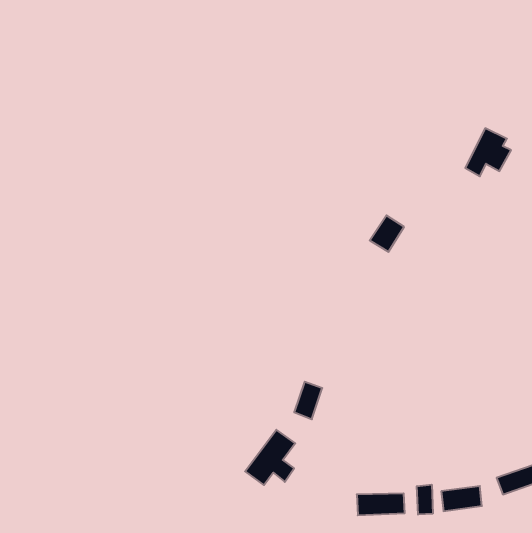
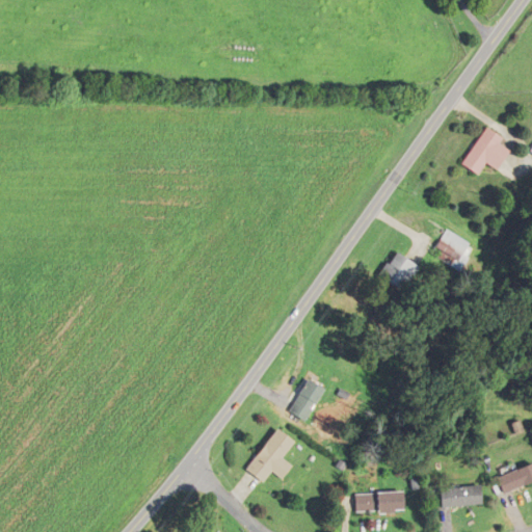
building: [370,215,404,252] -> [380,252,415,289]
building: none -> [436,231,475,273]
building: [417,485,433,515] -> none

